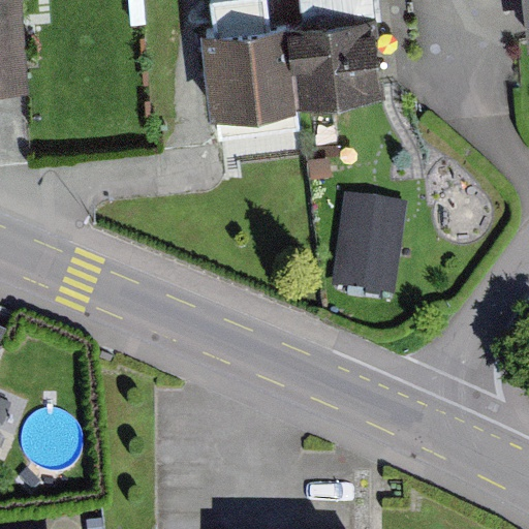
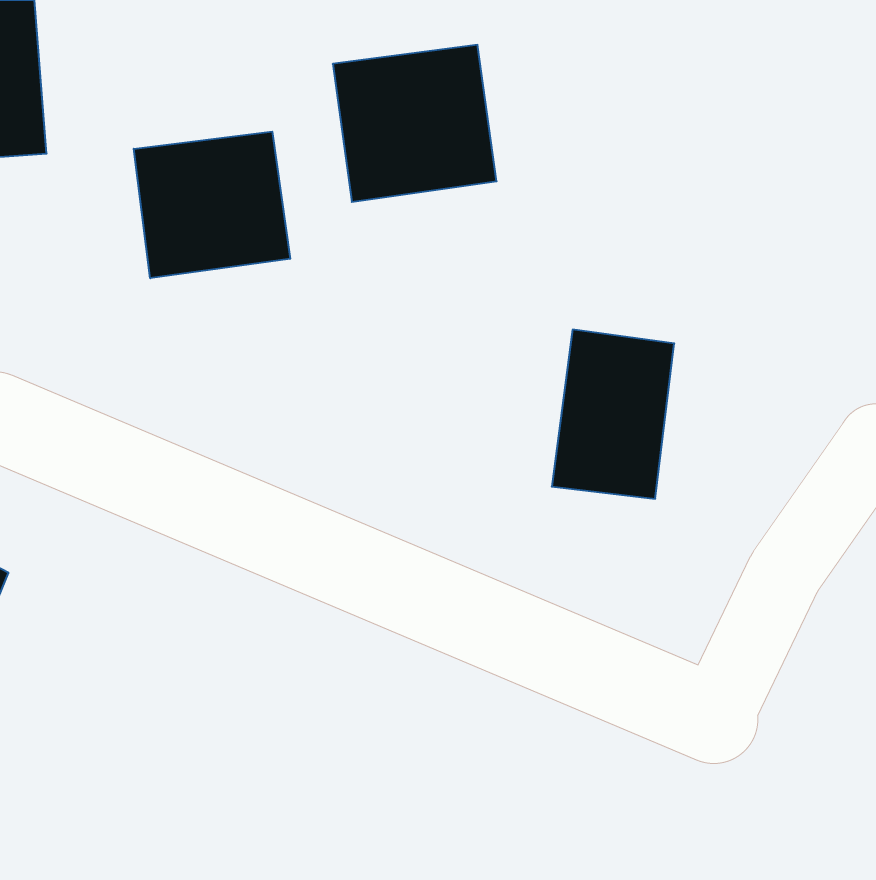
building: [286,15,383,110] -> none
building: none -> [134,132,290,278]

